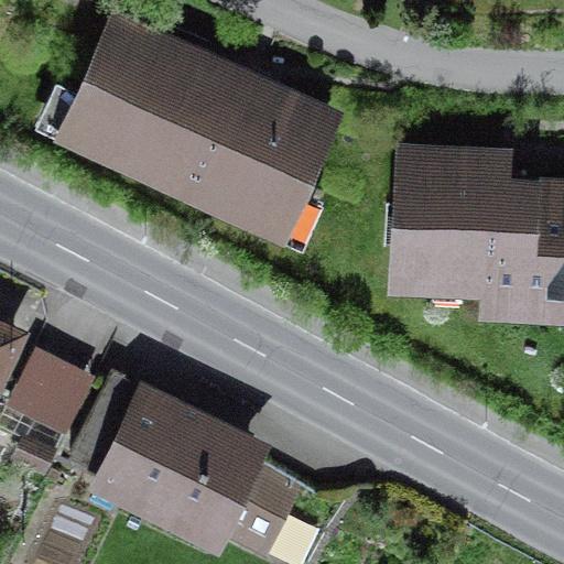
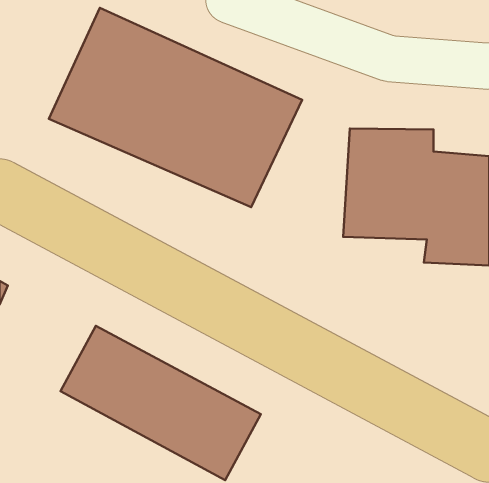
building: [6,346,94,435] -> none

